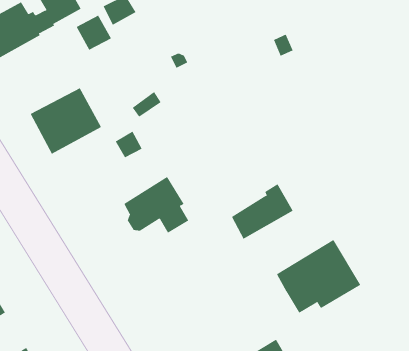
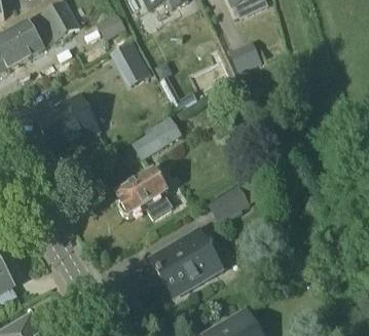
building: [76,15,112,51] -> [112,42,143,73]
building: none -> [133,116,180,157]
building: [276,239,361,313] -> [150,228,223,292]

